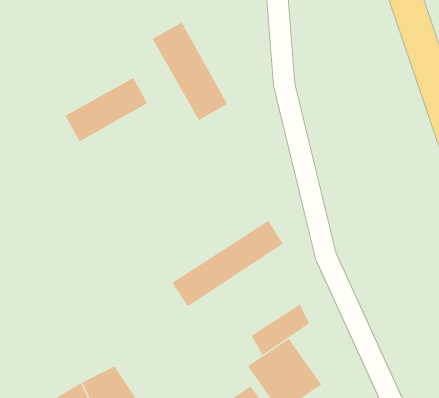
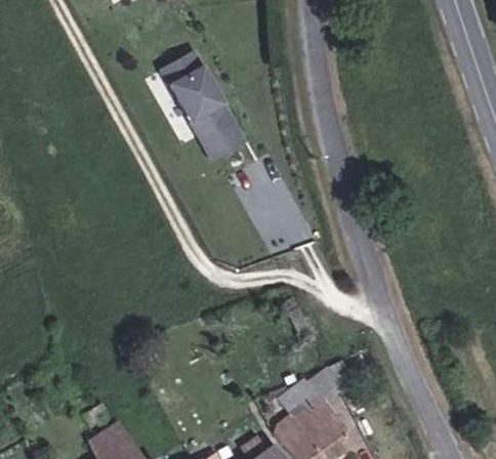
building: [64,77,148,142] -> none
building: [172,220,284,307] -> none

